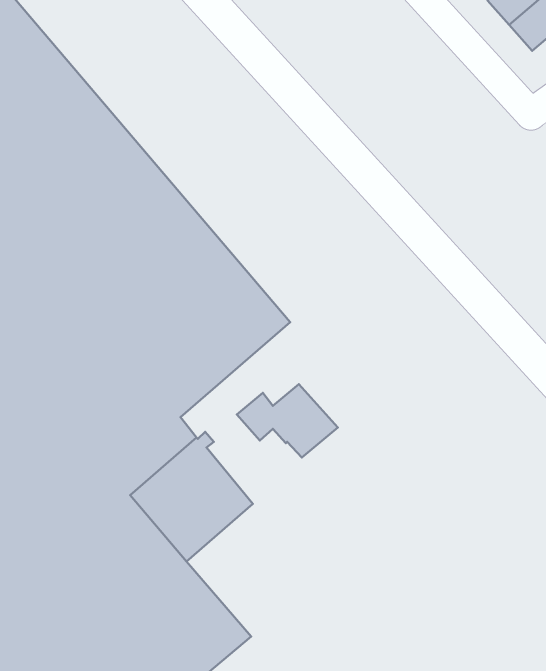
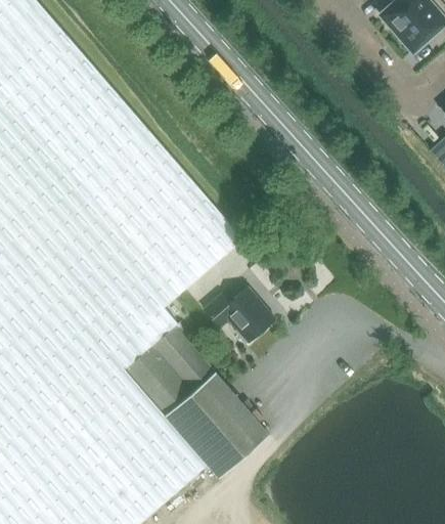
building: none -> [167,372,270,476]

